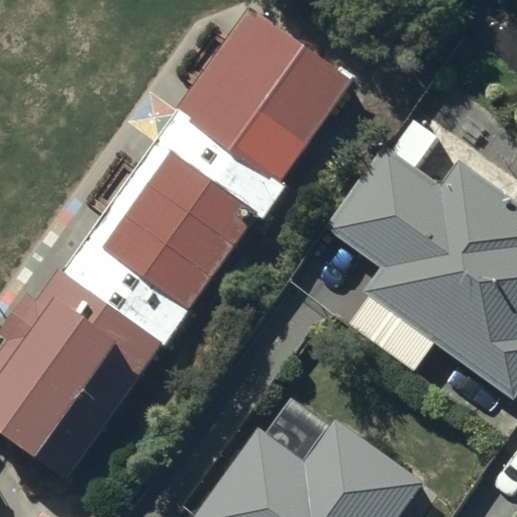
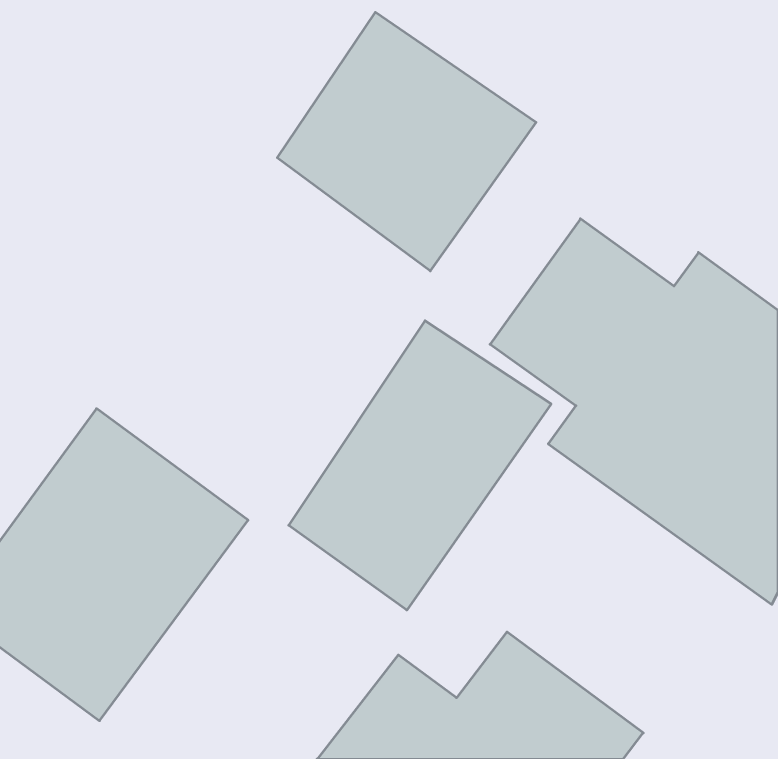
building: [105,156,252,307] -> none
building: none -> [289,321,551,610]

